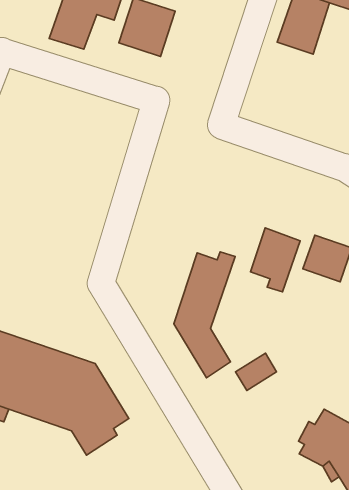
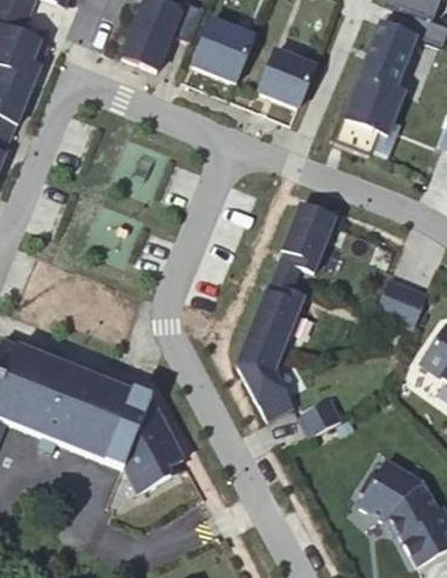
building: none -> [260,49,315,105]
building: none -> [334,73,405,154]
building: [251,228,300,292] -> [281,201,335,269]

